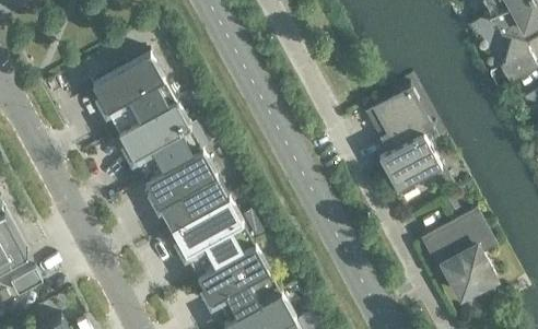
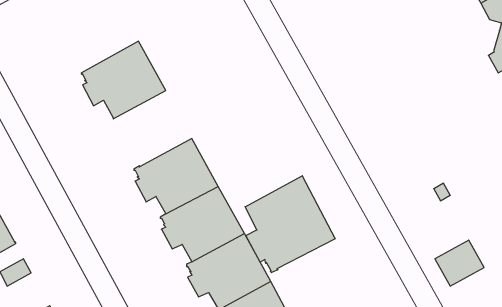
building: [363,87,441,197] -> none
building: [118,103,202,179] -> none
building: none -> [245,176,335,273]
building: [423,213,492,273] -> none

